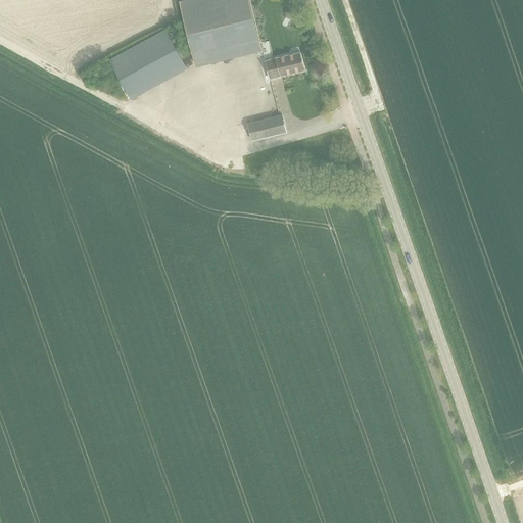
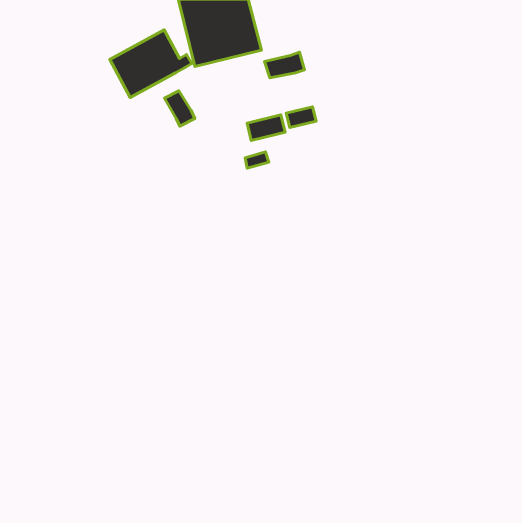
building: none -> [164,91,195,126]
building: none -> [286,107,316,128]

